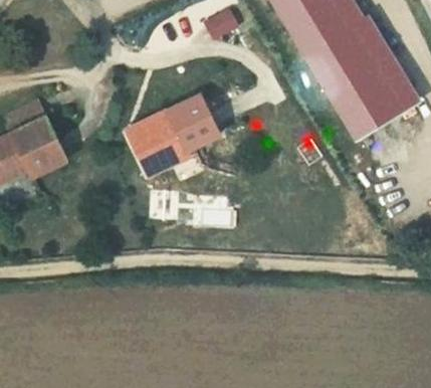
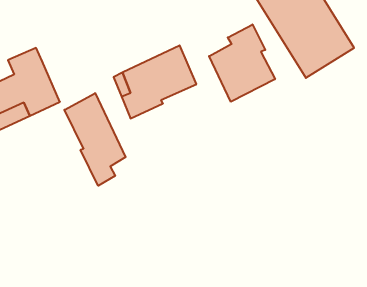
building: none -> [209,24,275,102]
building: none -> [64,93,126,186]

